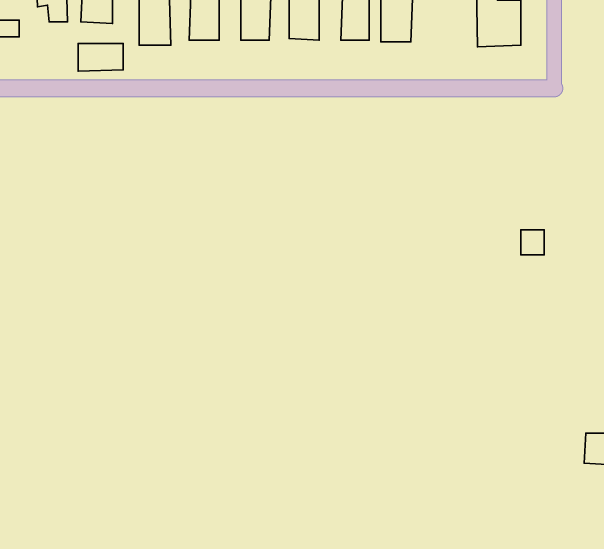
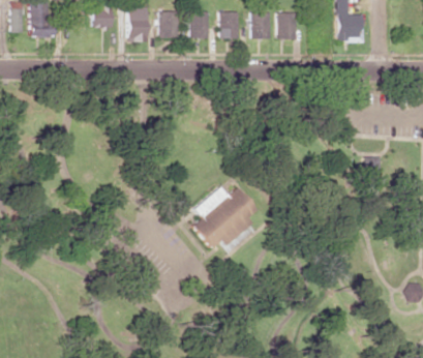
building: [78,44,123,71] -> none
building: none -> [192,187,256,248]

